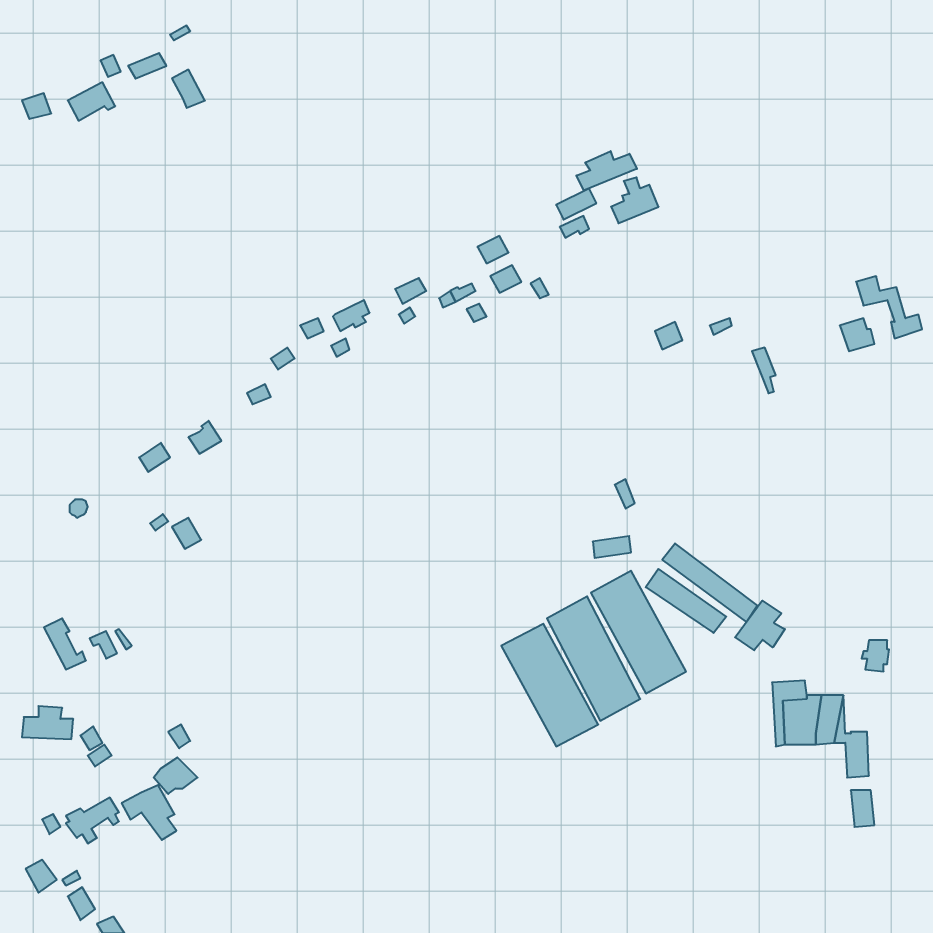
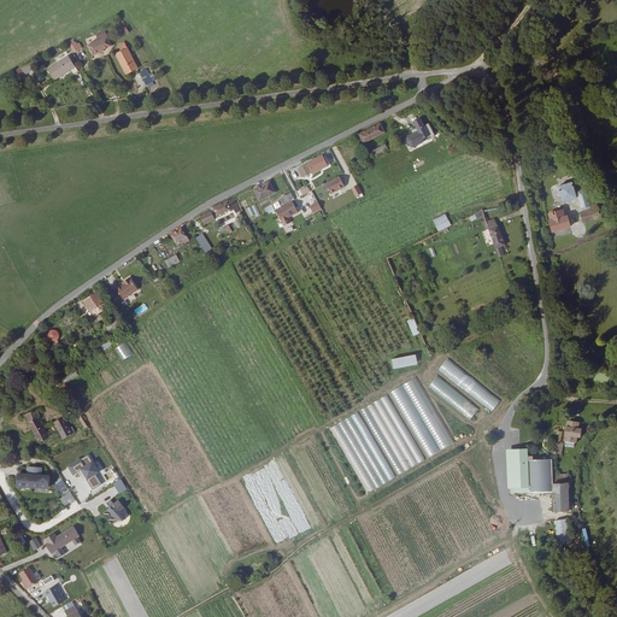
building: [576,151,637,191] -> none
building: [735,601,785,650] -> none
building: [122,785,176,840] -> [65,452,101,488]

